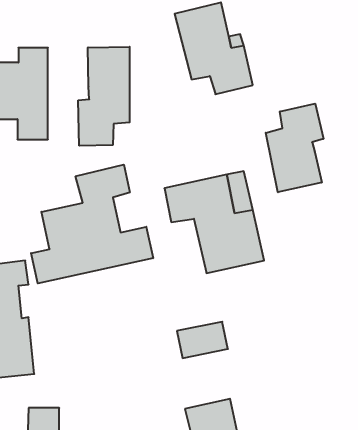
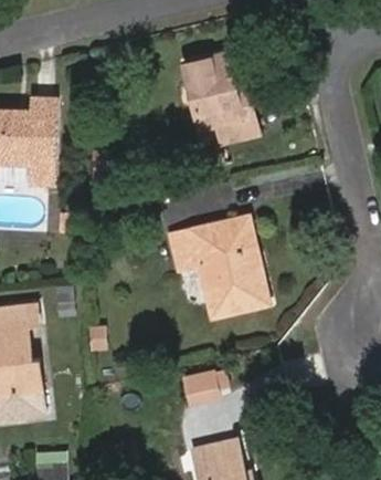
building: [78,47,130,146] -> none
building: [266,104,323,192] -> none
building: [31,165,153,283] -> none

